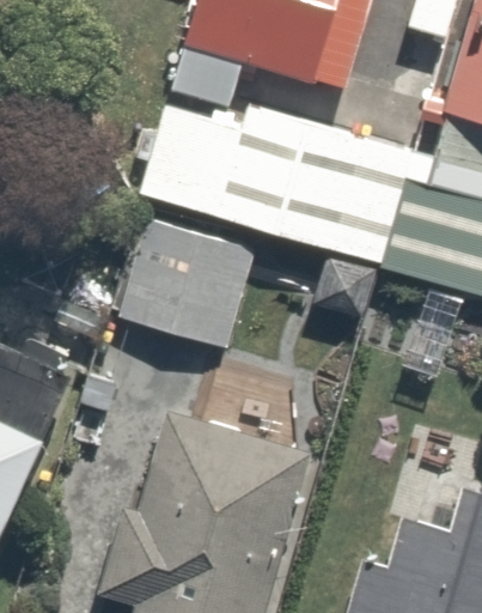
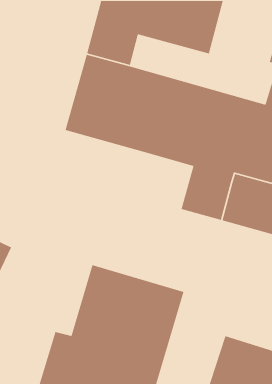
building: [109,199,269,351] -> none

